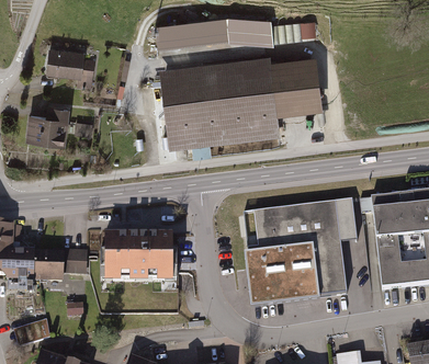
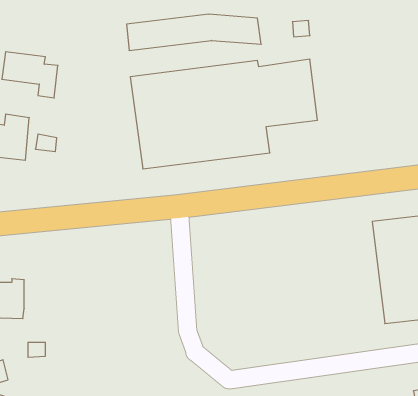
building: [244,198,357,306] -> none
building: [105,231,173,280] -> none
building: [64,248,89,273] -> none

